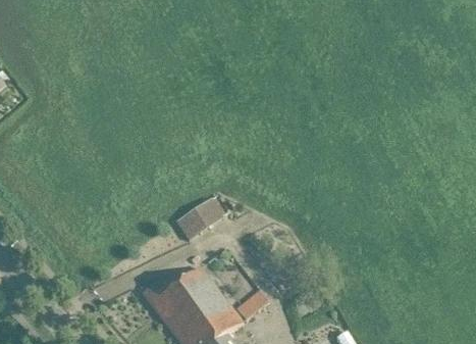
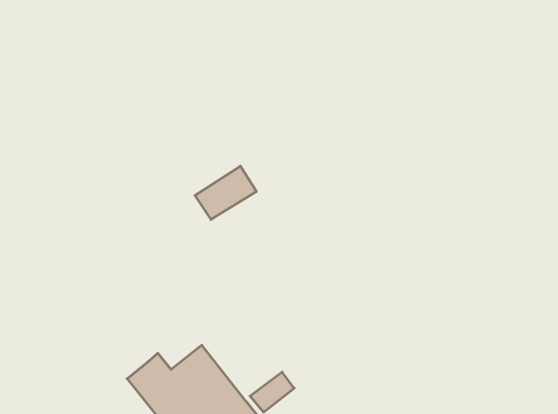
building: [175,197,222,238] -> [195,166,256,220]

